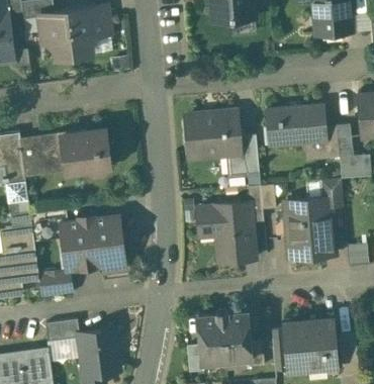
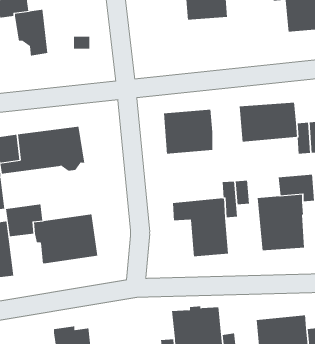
building: [67,6,109,56] -> none
building: [239,134,259,174] -> none
building: [36,269,72,298] -> none
building: [44,319,78,343] -> none

